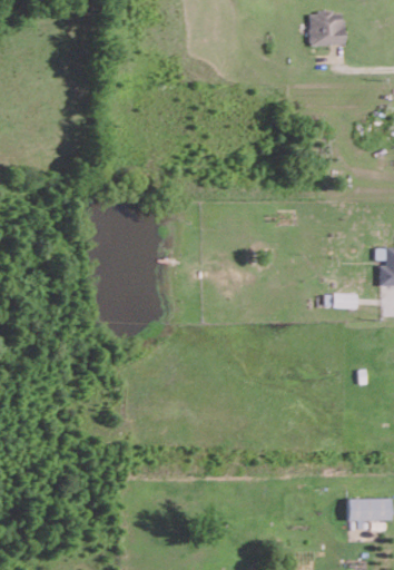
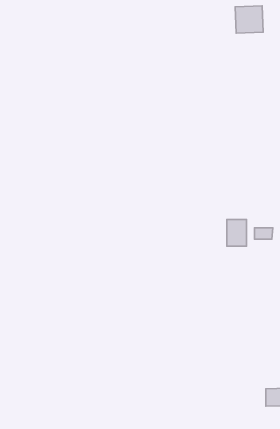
building: none -> [227,220,247,246]

